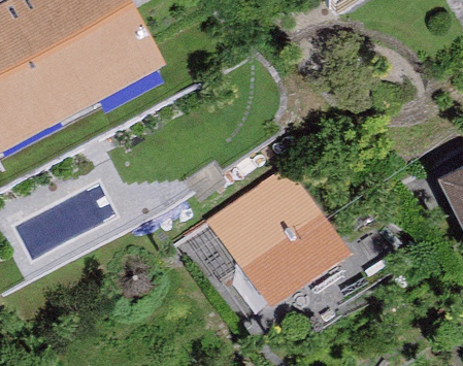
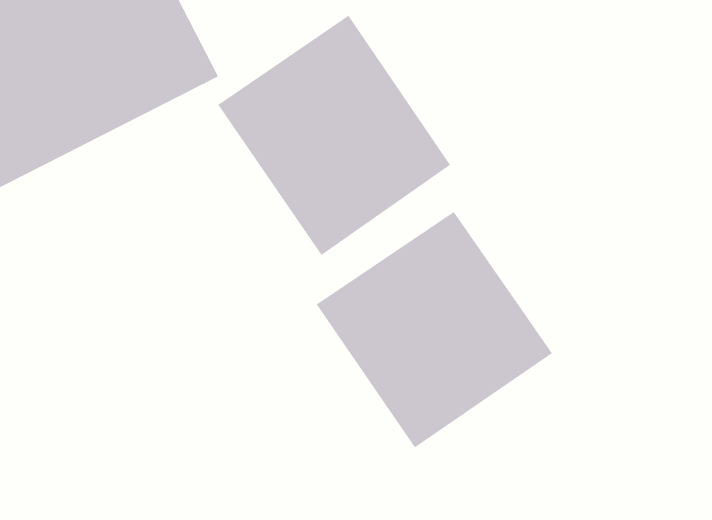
building: none -> [218,15,451,256]

